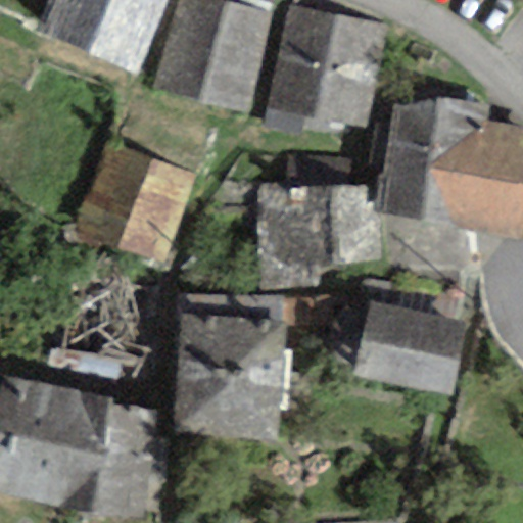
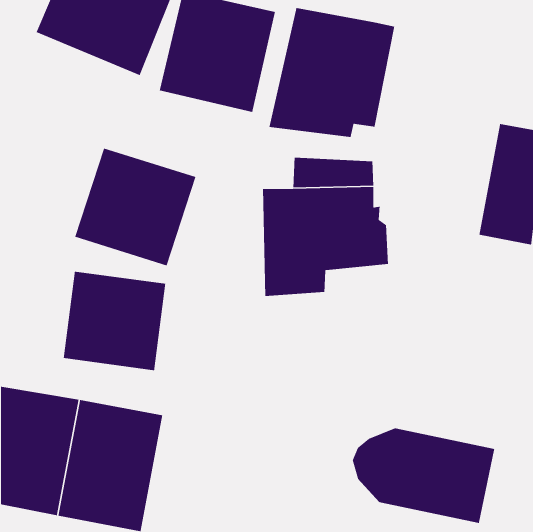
building: [375,88,492,230] -> none
building: [328,300,468,394] -> [352,428,495,524]
building: [174,314,286,440] -> none

